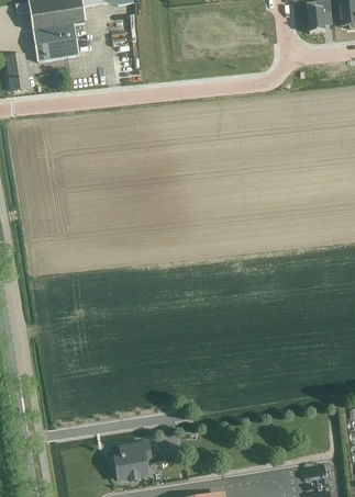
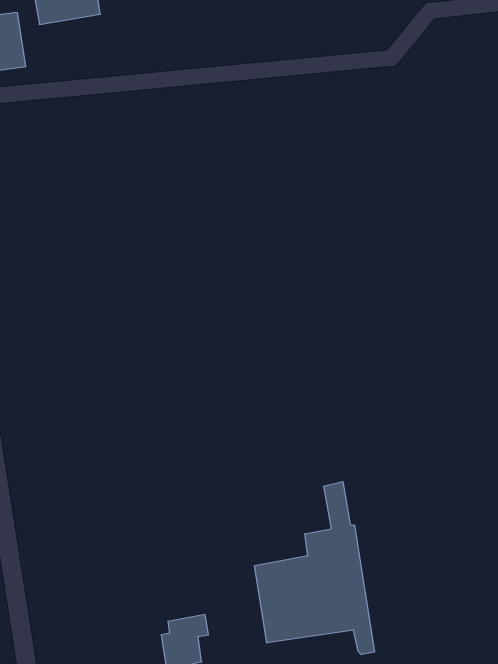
building: none -> [255,482,374,655]

